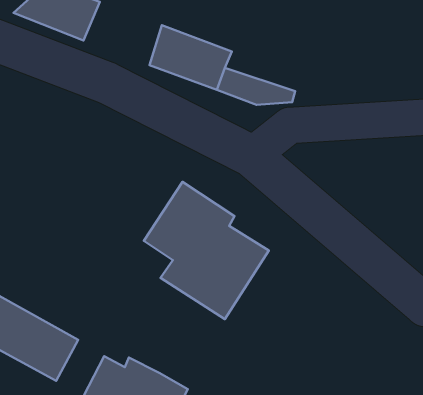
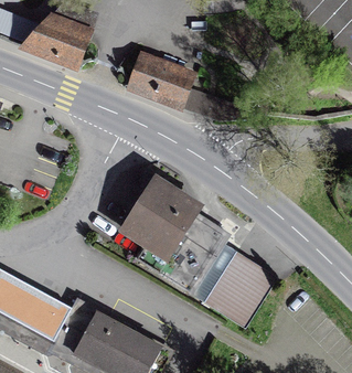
building: none -> [203,252,274,324]

